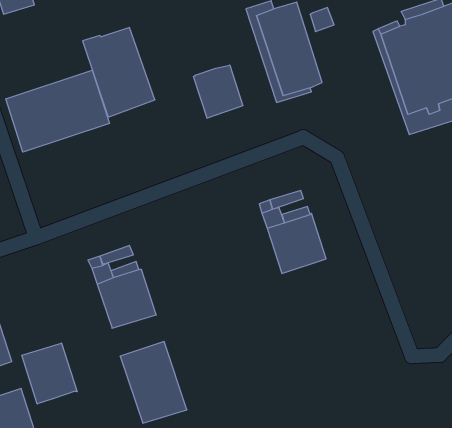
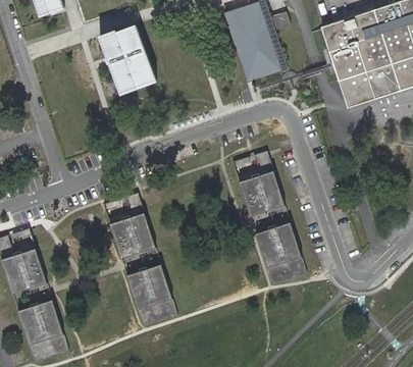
building: [193,65,243,118] -> none
building: [6,70,109,152] -> none
building: none -> [258,224,308,287]
building: [22,343,77,404] -> none

